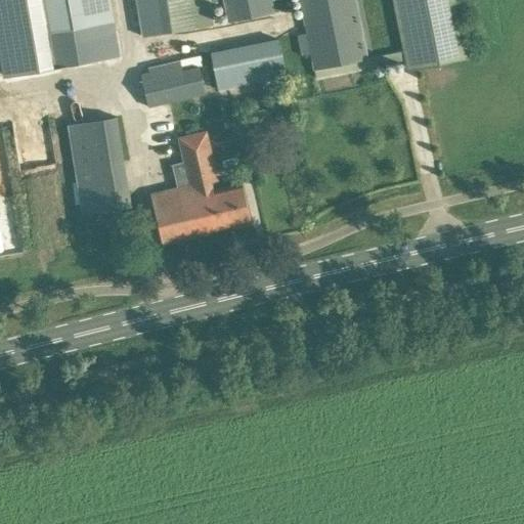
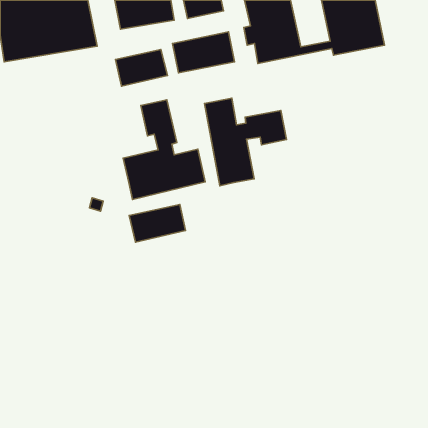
building: [64,102,132,215] -> none
building: none -> [205,98,287,186]
building: none -> [129,205,186,242]

